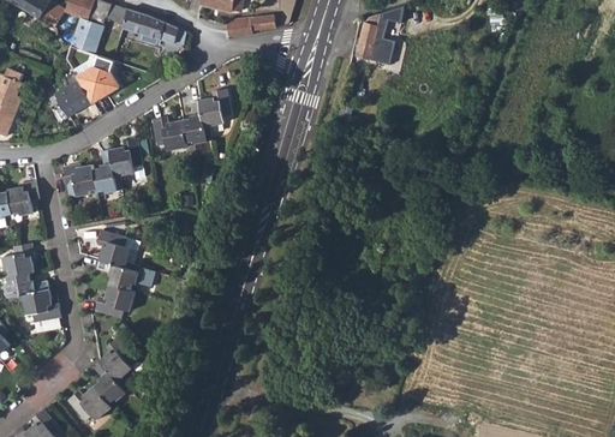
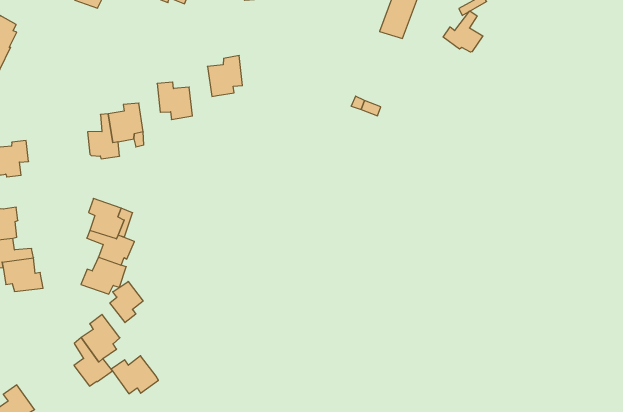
building: none -> [443,11,483,52]
building: [54,55,119,116] -> none
building: [183,100,213,155] -> none
building: [62,163,95,197] -> none
building: none -> [110,281,143,323]
building: [67,385,112,421] -> [111,356,158,394]

